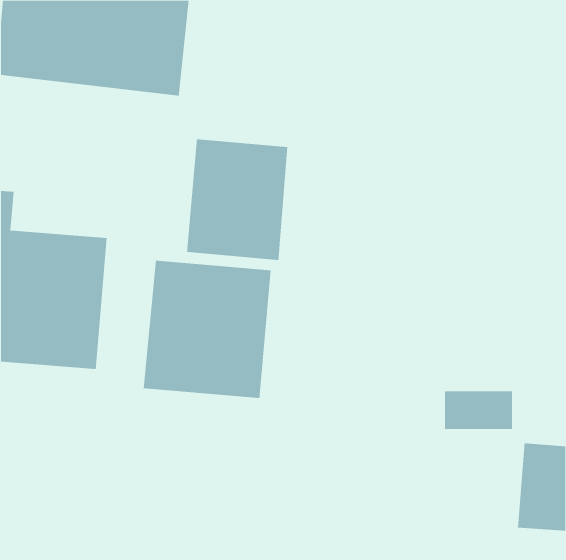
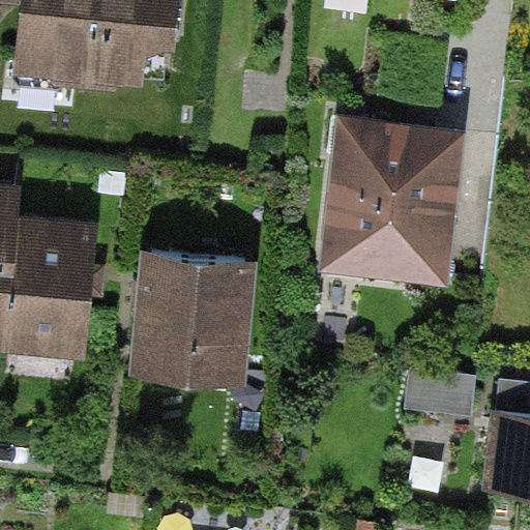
building: none -> [320,117,462,284]
building: [187,139,288,261] -> none

